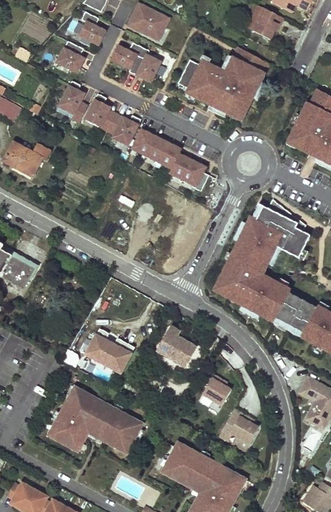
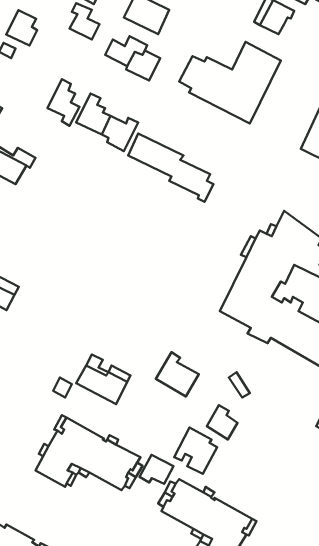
building: [56,40,84,72] -> [6,10,37,46]
building: [219,409,258,451] -> [174,427,217,474]
building: none -> [139,455,174,484]

